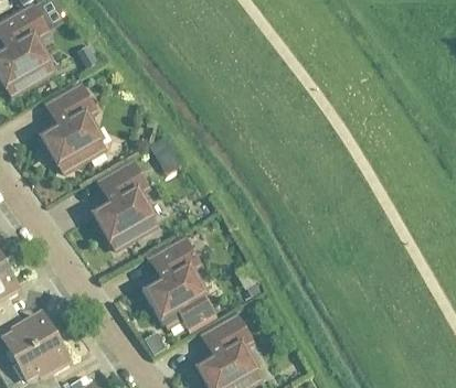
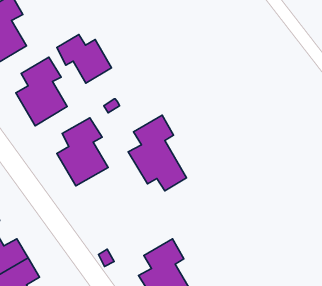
building: none -> [57,34,111,83]
building: [144,237,218,333] -> [128,115,187,191]

